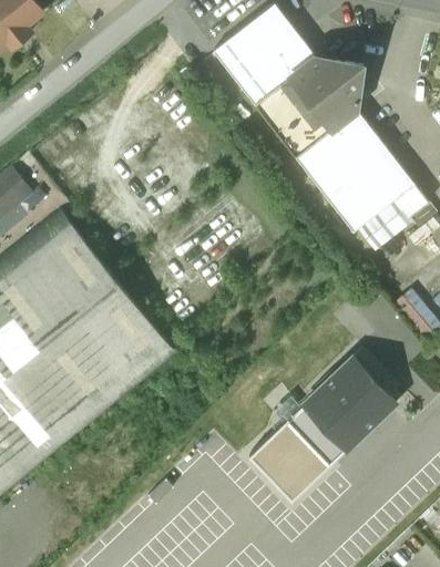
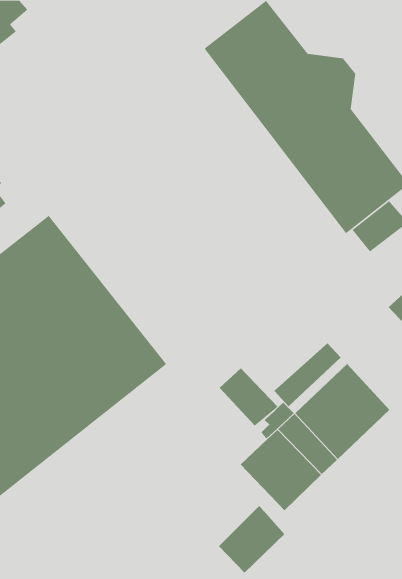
building: none -> [273,342,342,407]
building: none -> [219,367,278,427]
building: none -> [218,505,285,574]

